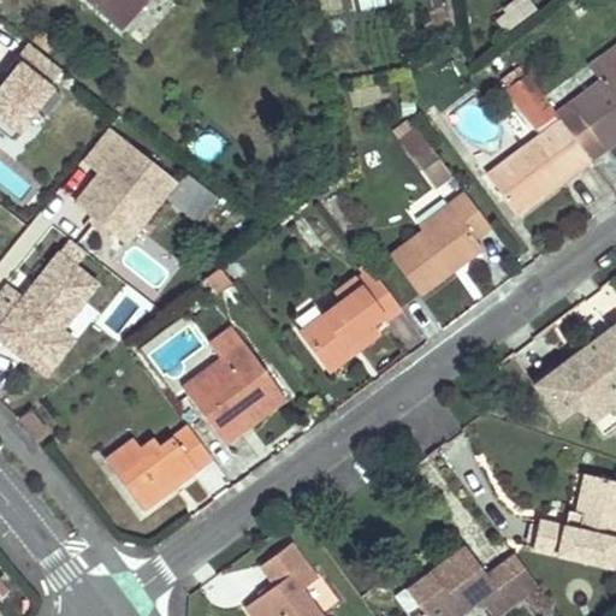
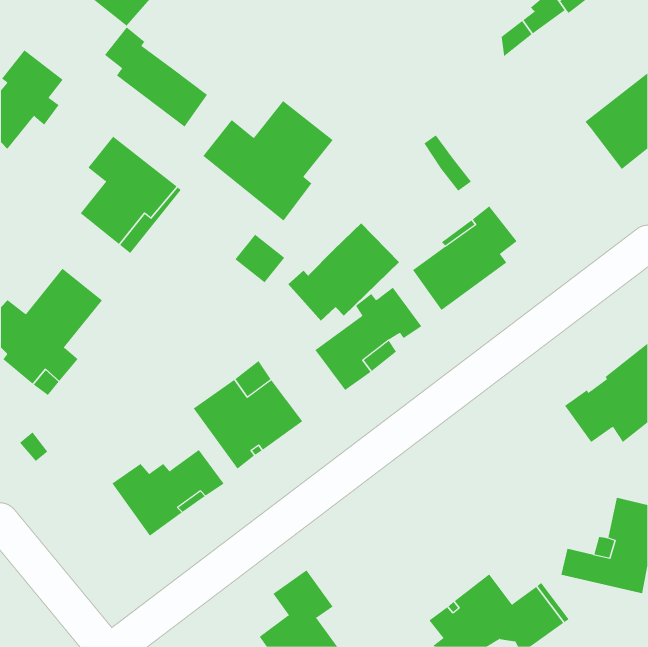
building: none -> [104,27,208,128]
building: [484,75,590,218] -> none
building: none -> [203,100,333,221]
building: [167,174,215,221] -> [234,234,285,283]
building: none -> [287,222,400,321]

